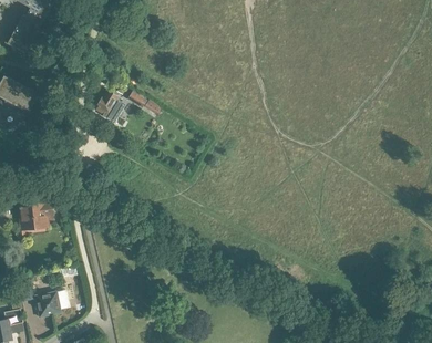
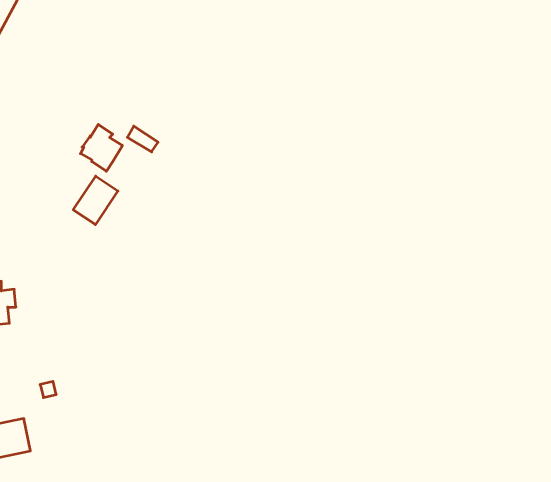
building: none -> [73,176,118,225]

